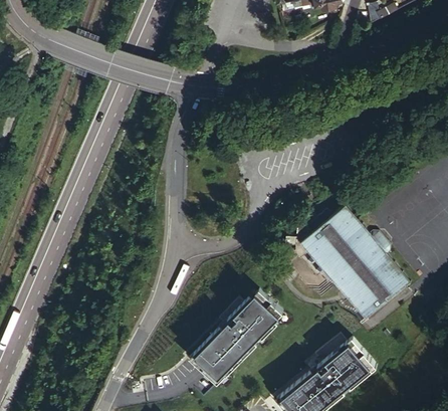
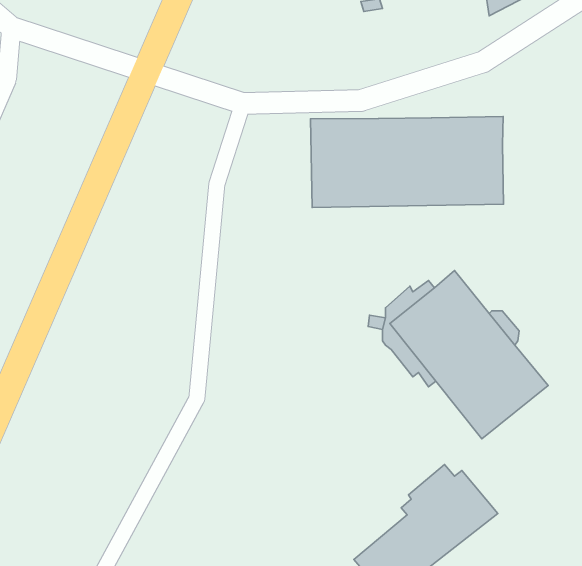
building: none -> [311,117,503,208]
building: [188,293,280,386] -> none

